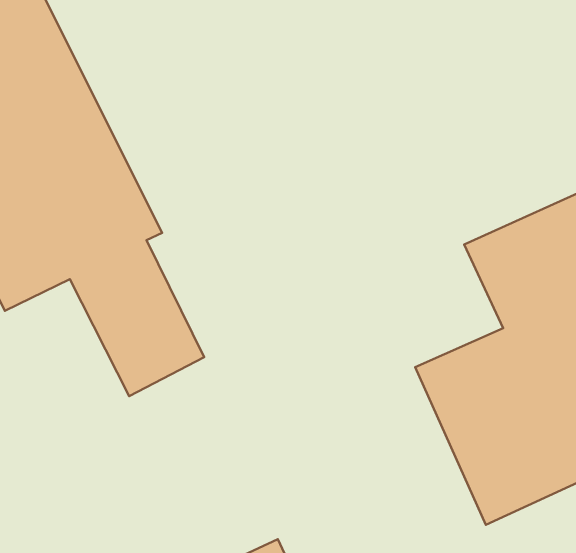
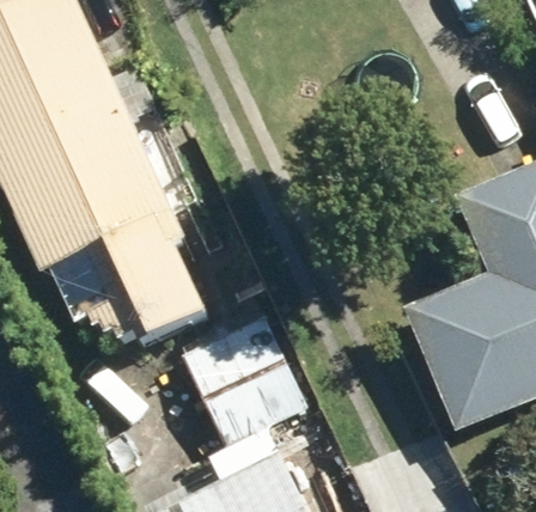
building: none -> [179,318,305,447]

